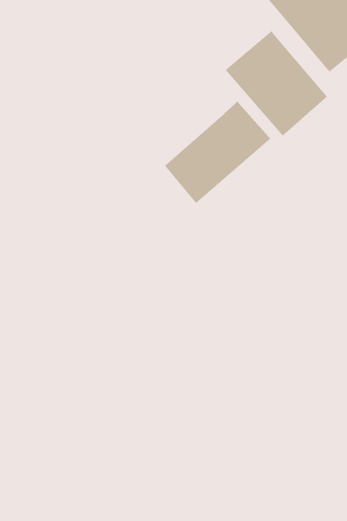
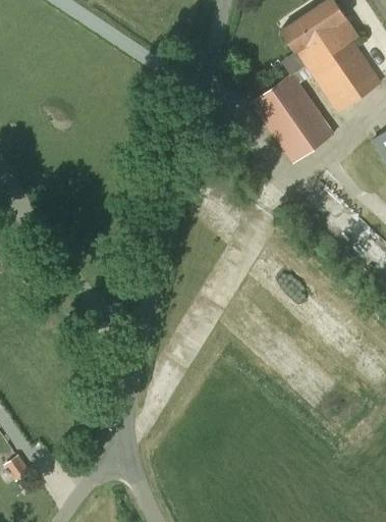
building: [164,100,271,204] -> none

